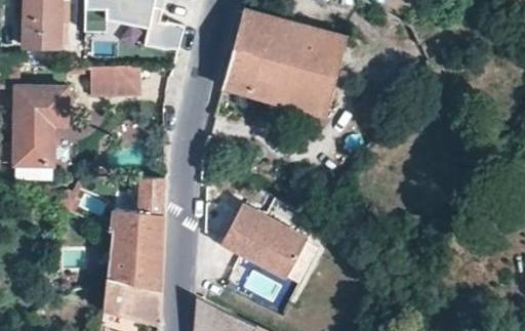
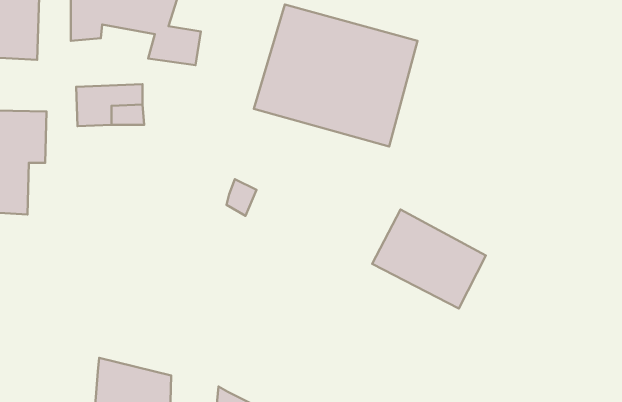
building: [107,193,165,288] -> none
building: [220,209,307,284] -> [372,209,486,308]

